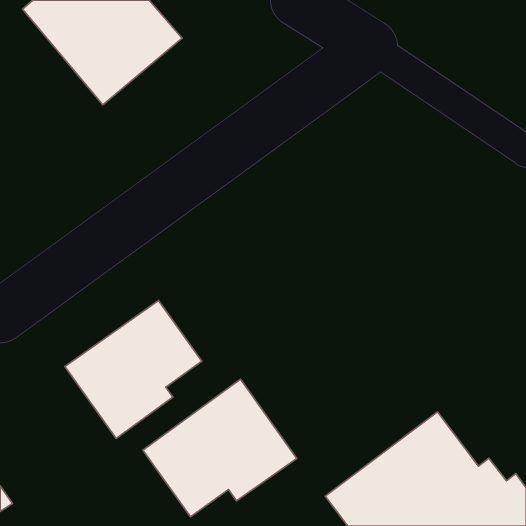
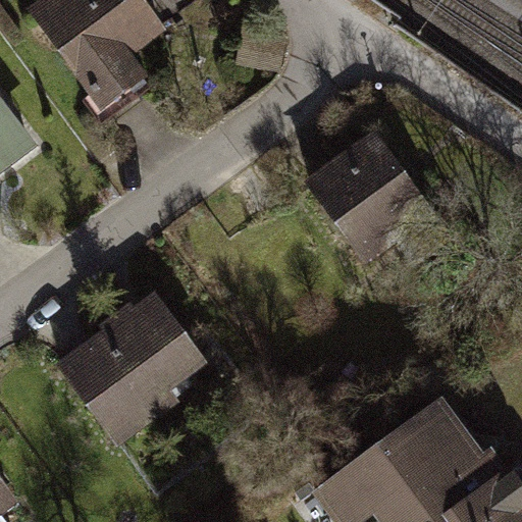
building: none -> [310,132,428,255]
building: [143,379,297,517] -> none

